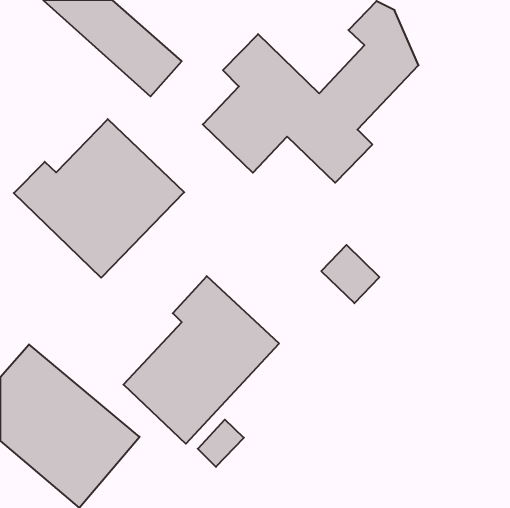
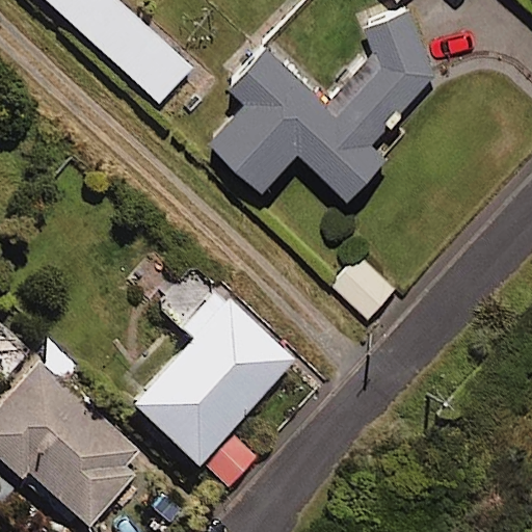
building: [14,119,184,278] -> none

